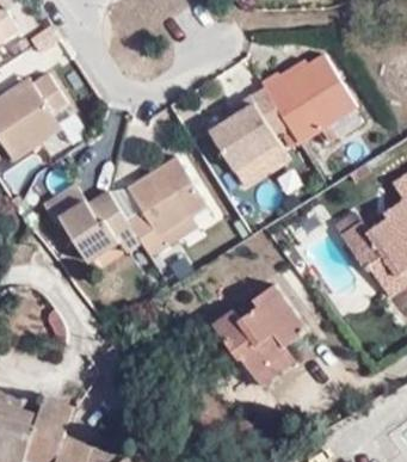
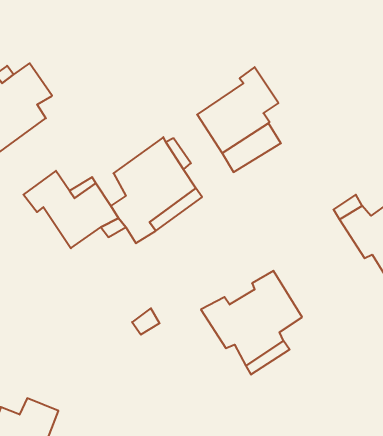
building: [259,53,354,138] -> none

